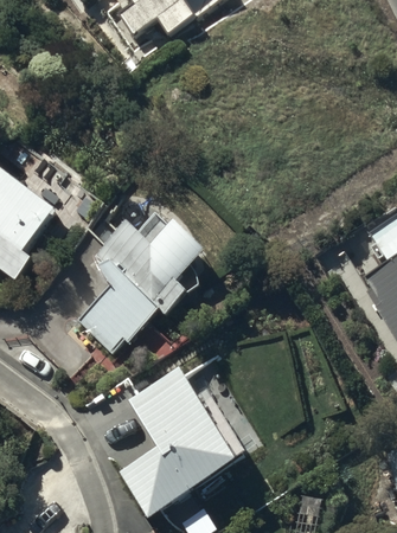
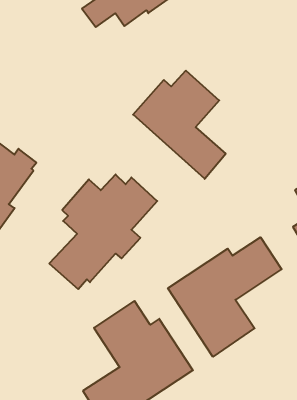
building: none -> [133,71,226,179]
building: none -> [168,237,282,357]

